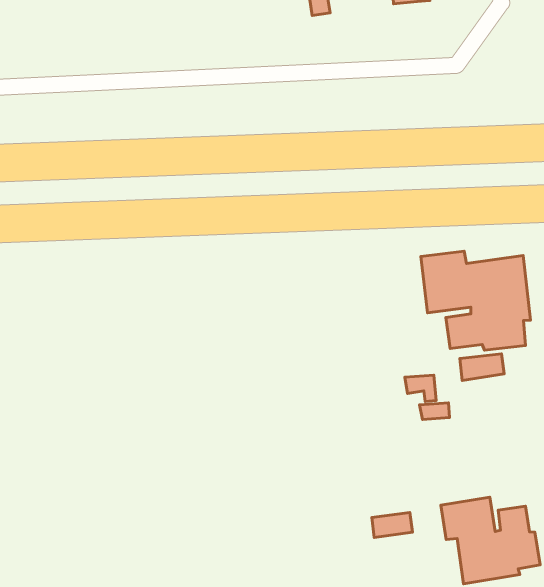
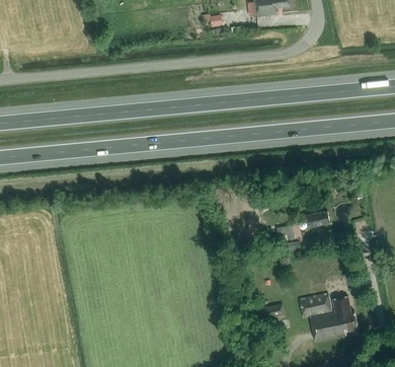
building: [421,251,531,350] -> none

